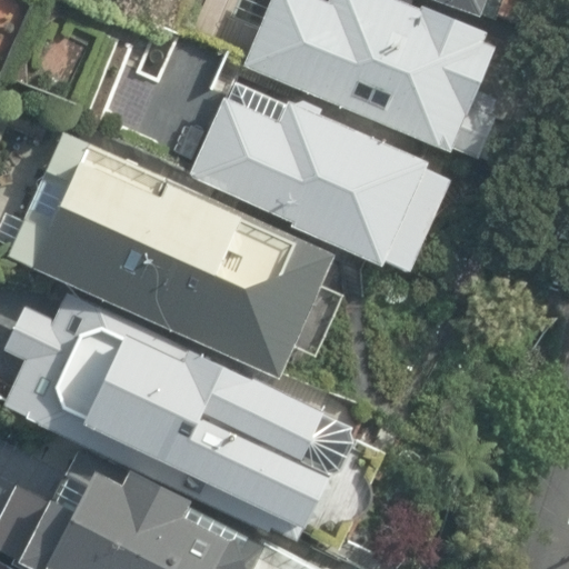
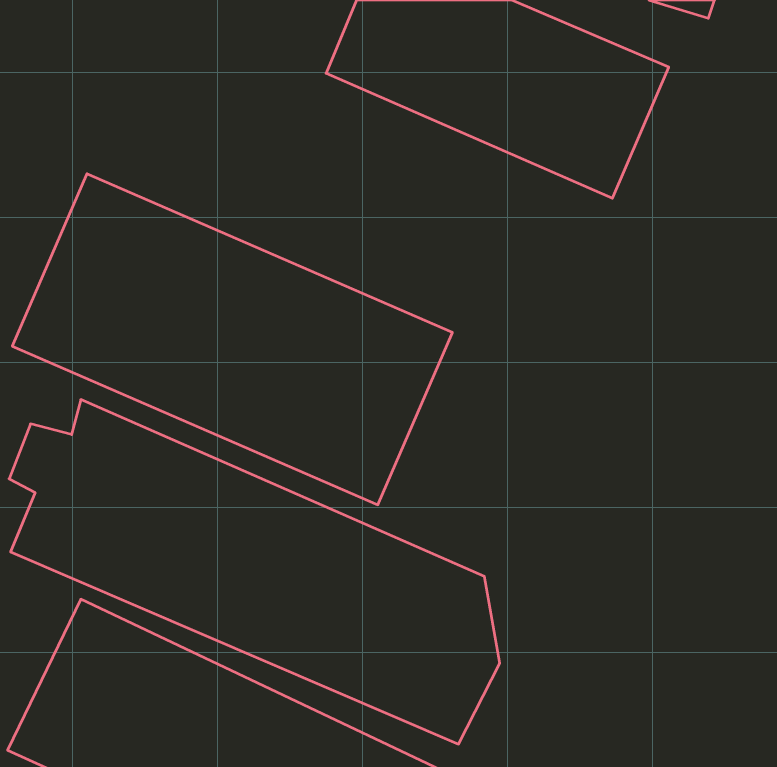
building: [202,81,439,260] -> none

